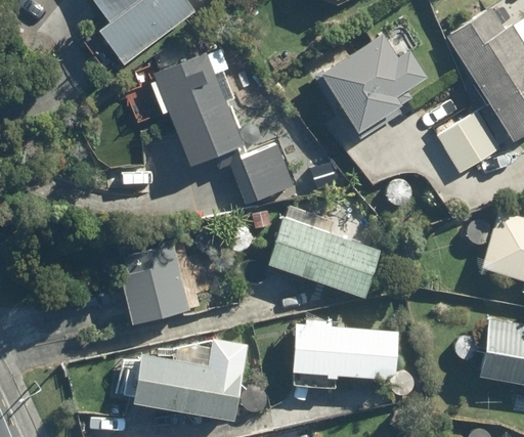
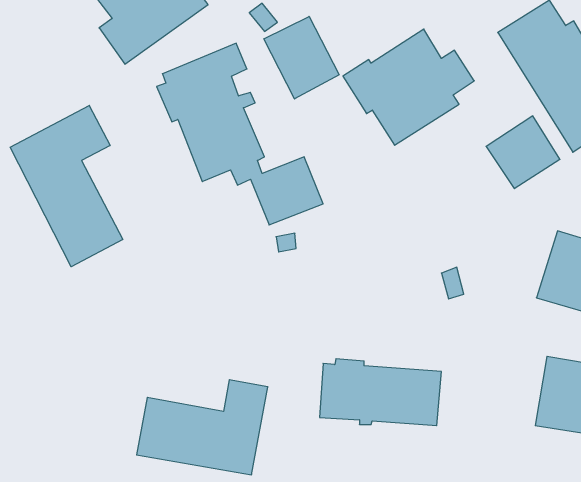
building: none -> [264,16,339,99]
building: none -> [10,105,123,267]
building: [268,205,382,298] -> none
building: [122,241,191,324] -> none

